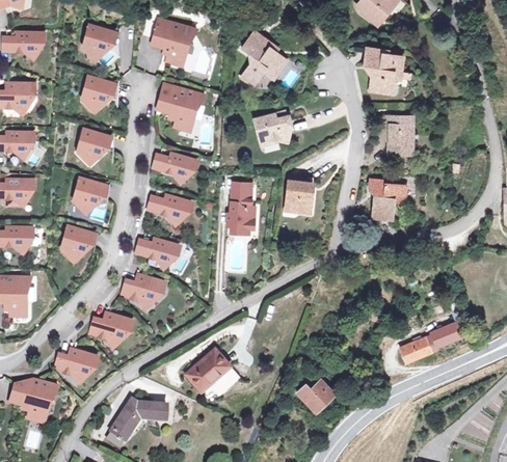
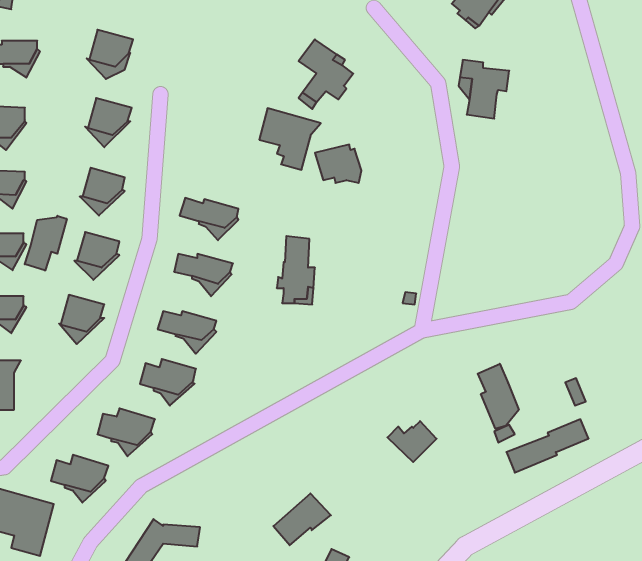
building: [152,19,197,64] -> none
building: [158,83,205,130] -> [259,108,321,170]
building: [381,115,413,153] -> none
building: none -> [25,216,67,271]
building: [286,176,313,214] -> none
building: [369,179,405,218] -> none
building: none -> [478,364,519,429]
building: [187,348,231,387] -> [273,493,331,545]
building: [297,379,335,410] -> [387,421,437,462]

